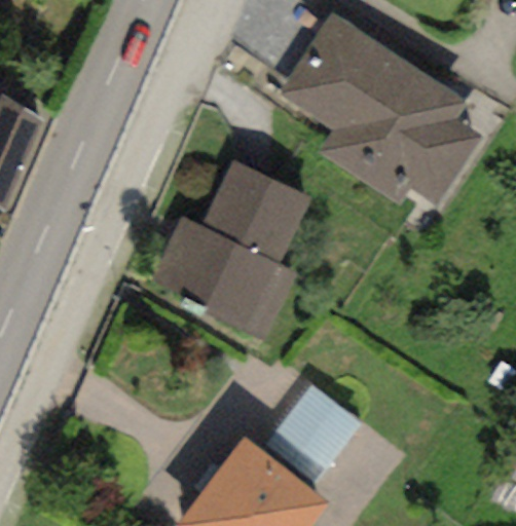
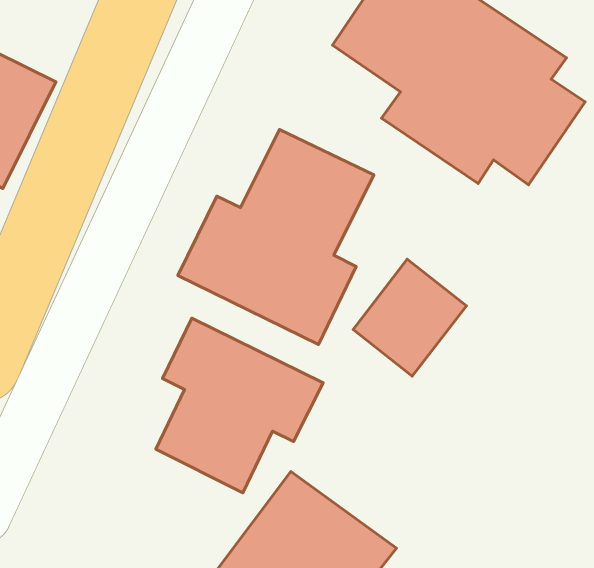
building: none -> [156,318,323,493]
building: [268,386,361,482] -> [353,259,466,376]

